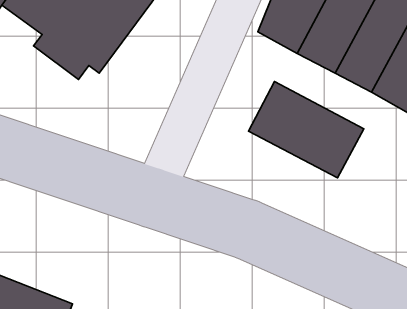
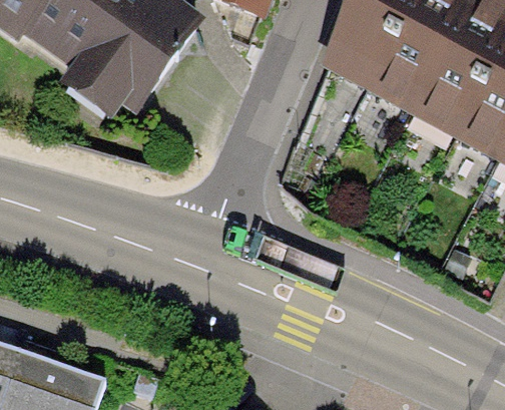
building: [249,81,364,178] -> none

